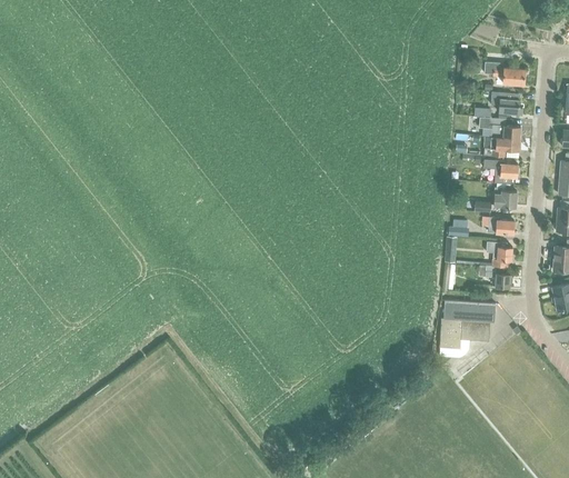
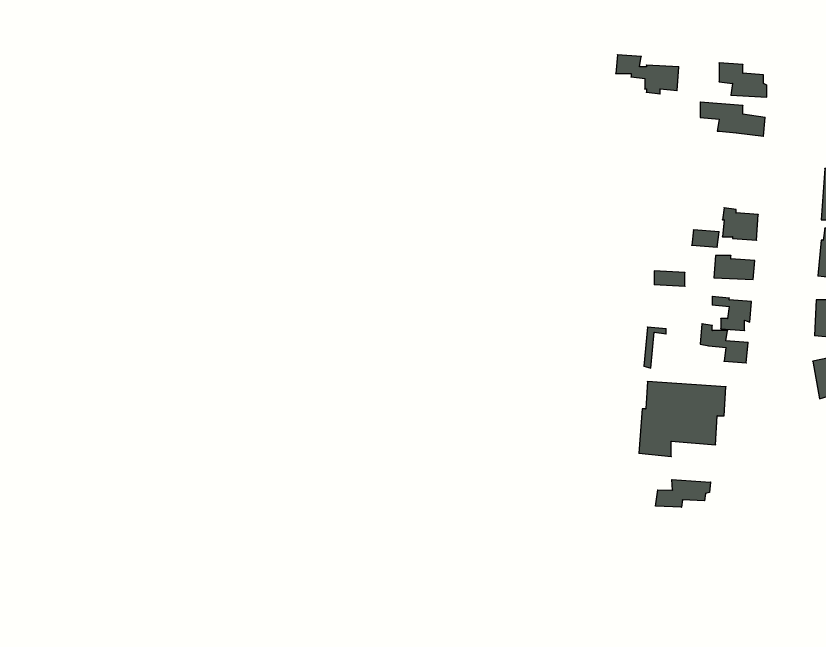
building: [483,61,525,87] -> [616,55,679,94]
building: [483,137,520,157] -> none
building: [485,160,518,185] -> none
building: none -> [656,480,711,507]

